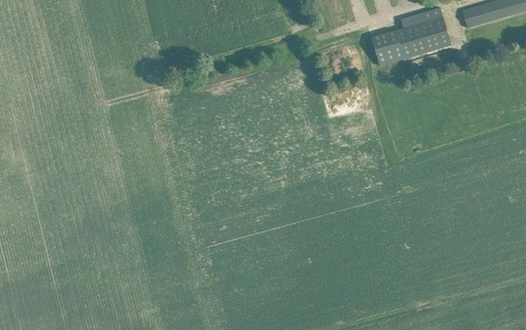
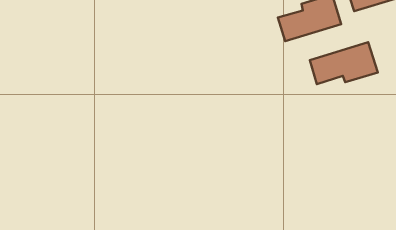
building: none -> [310,42,378,84]

